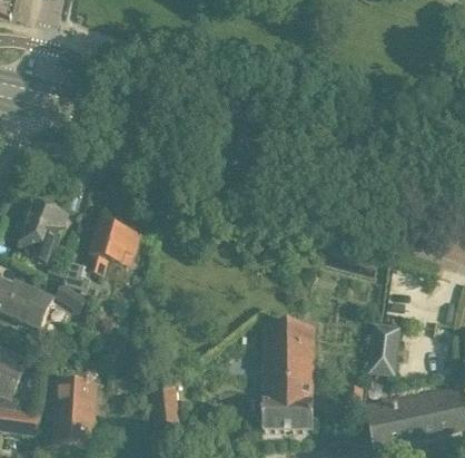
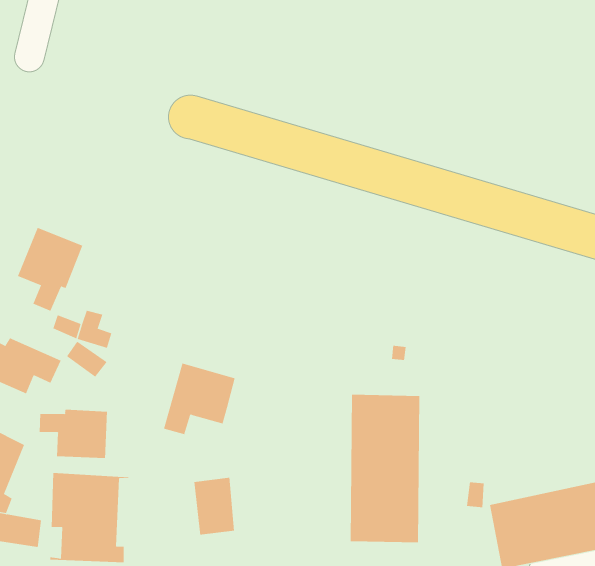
building: [86,220,138,272] -> [163,363,235,435]
building: [366,319,399,372] -> none
building: none -> [39,409,108,459]

